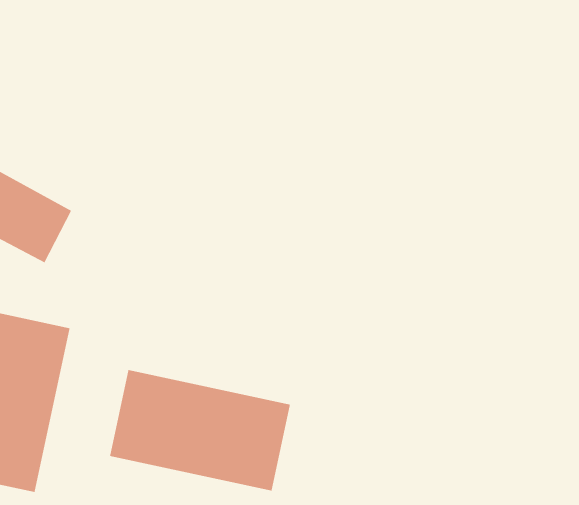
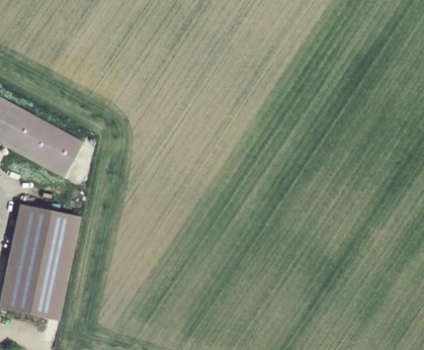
building: [109,369,291,491] -> none

